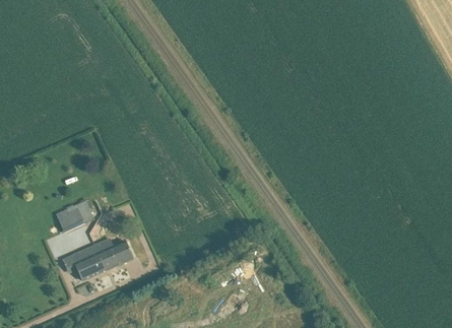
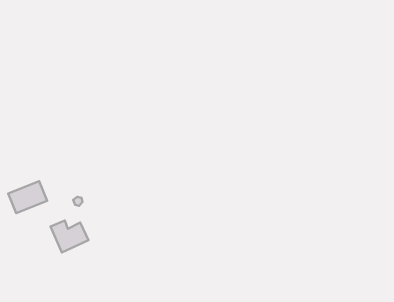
building: [71,245,107,280] -> none

